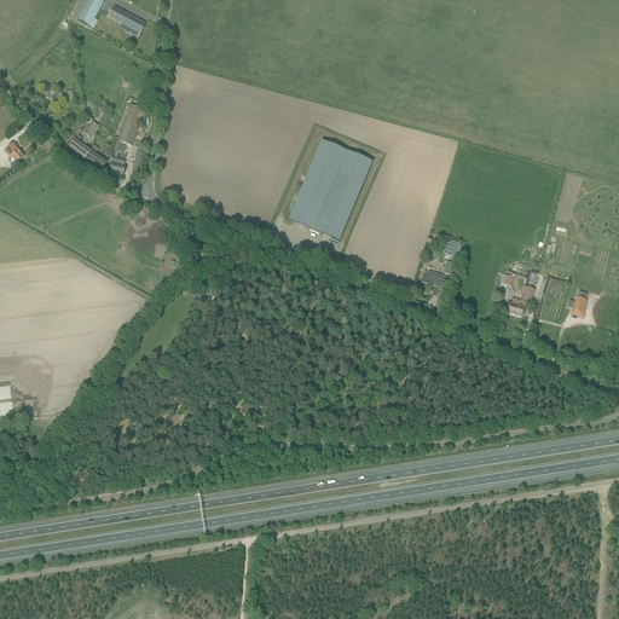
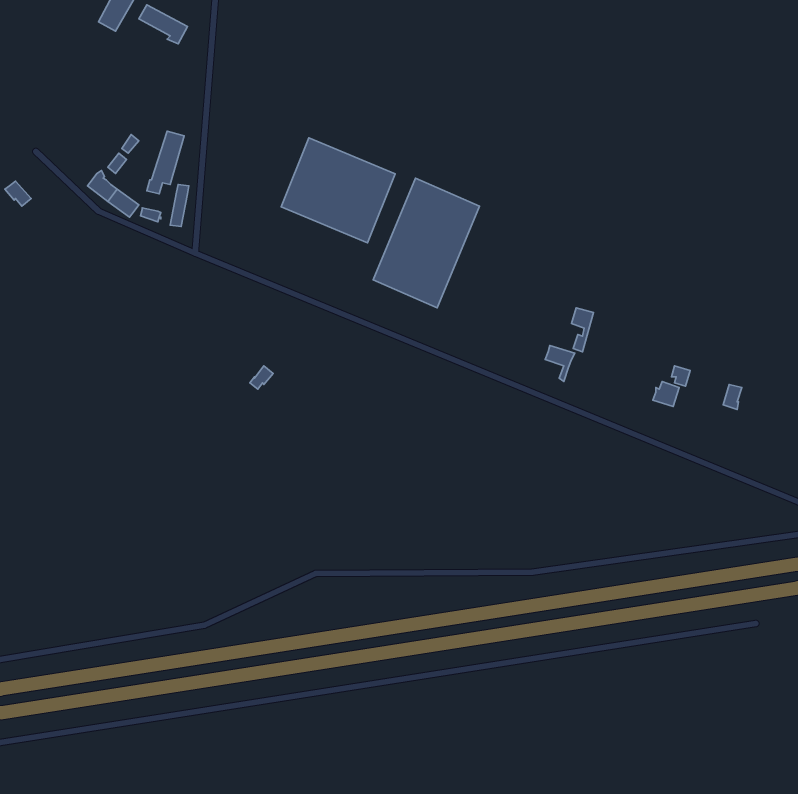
building: none -> [281,138,395,243]

